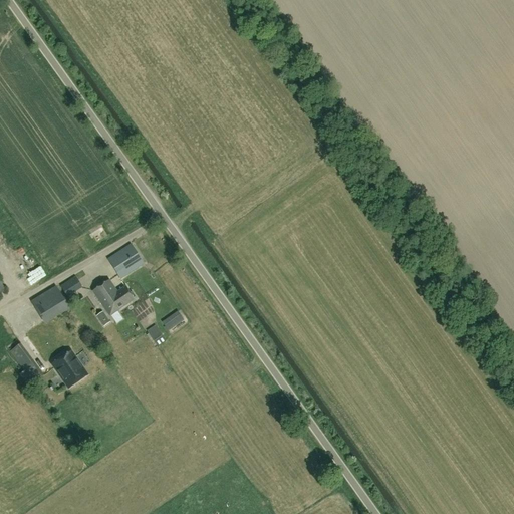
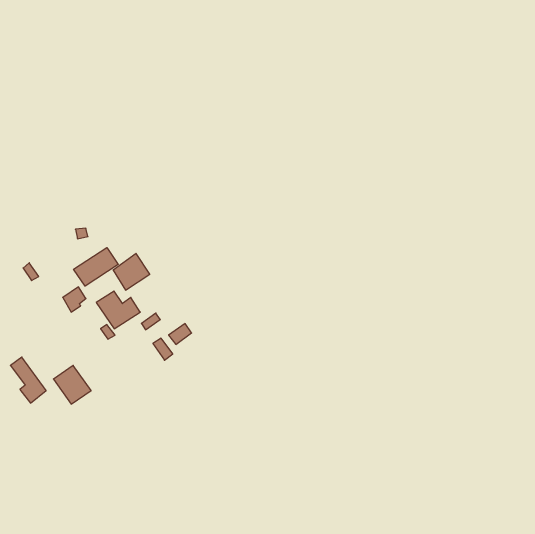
building: none -> [74,248,118,286]
building: [31,285,69,322] -> none

